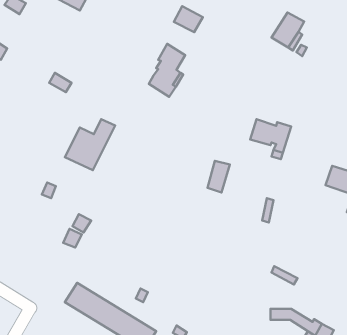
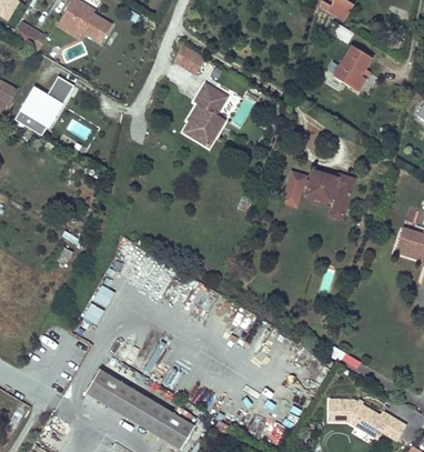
building: [174,6,203,32] -> [172,44,206,76]
building: [65,119,115,170] -> [13,77,73,138]
building: [207,161,230,192] -> [281,171,307,209]

